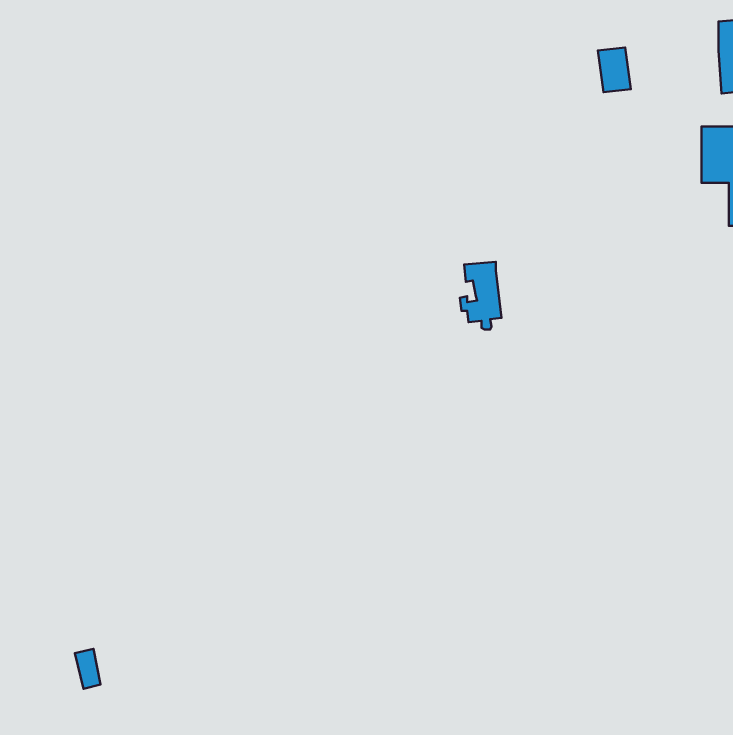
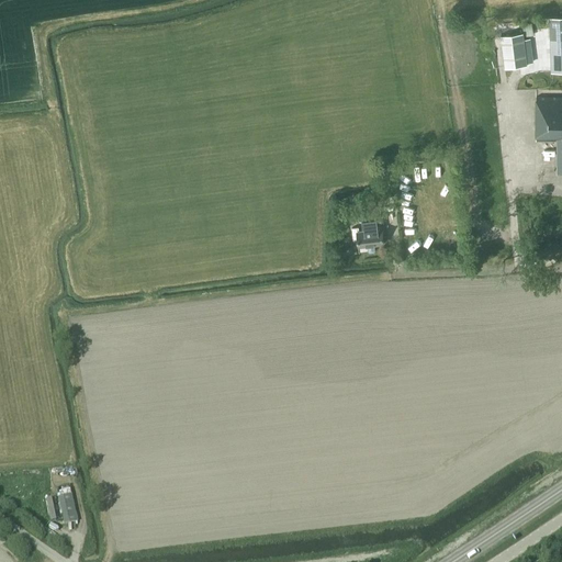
building: [598,48,631,92] -> [503,33,528,67]

